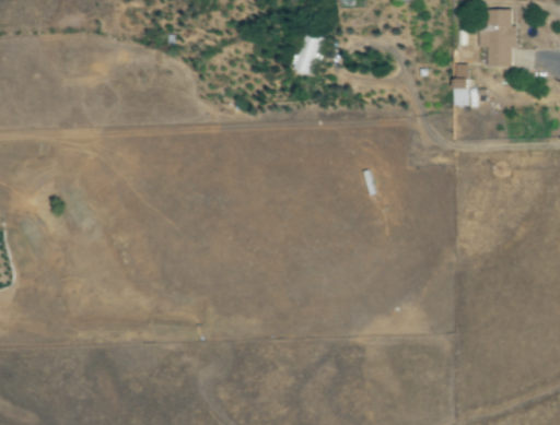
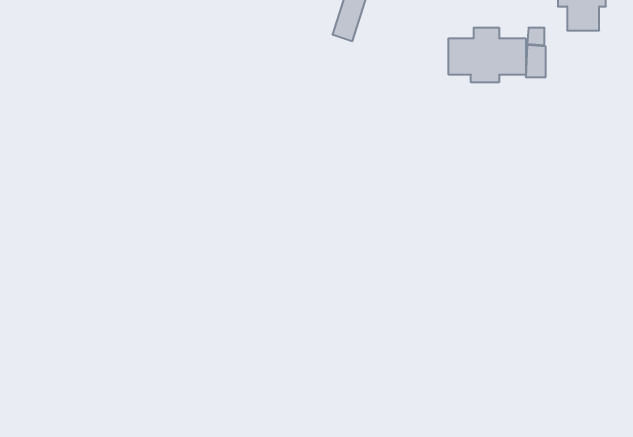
building: none -> [449,28,526,82]

